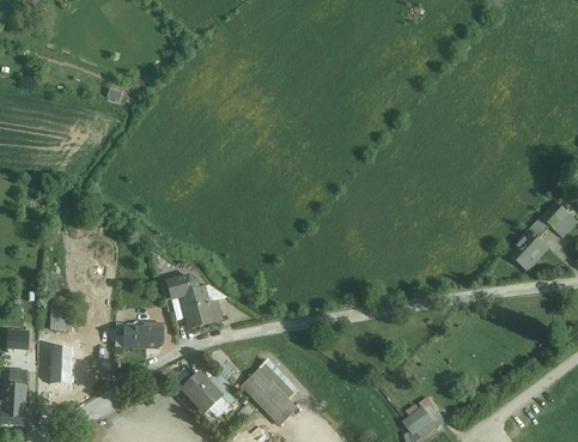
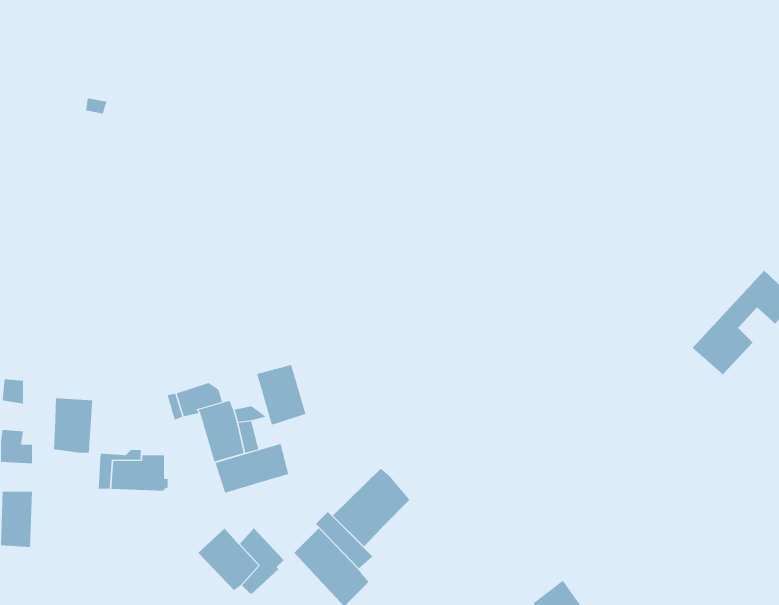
building: none -> [256,364,306,425]
building: none -> [54,398,93,454]
building: none -> [215,443,289,493]
building: none -> [332,468,410,547]

